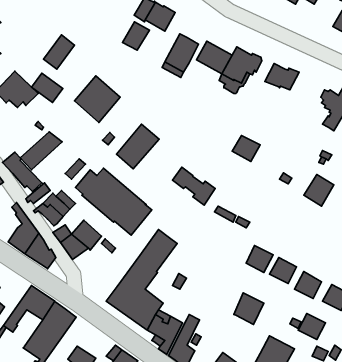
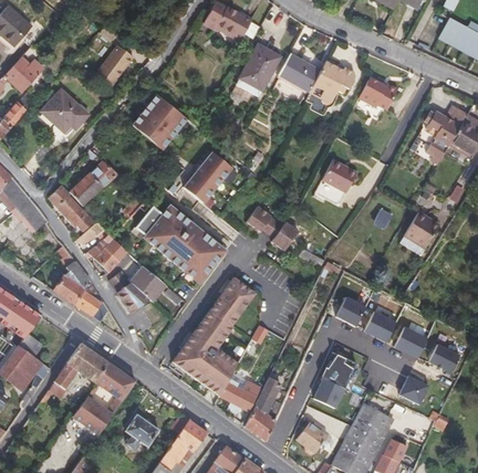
building: [123,22,149,50] -> none
building: [31,73,63,103] -> none
building: none -> [314,378,345,409]

